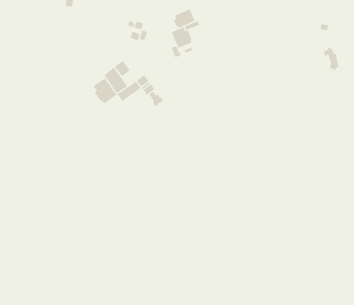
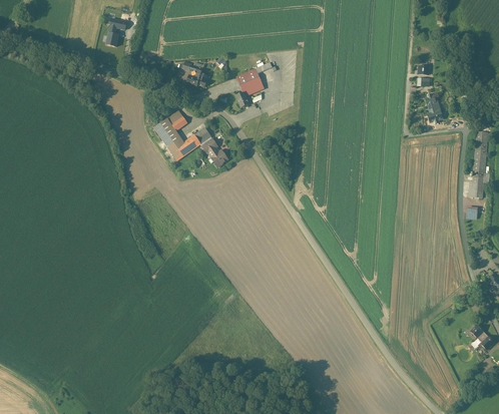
building: [173,8,195,29] -> none
building: [93,77,117,104] -> none

